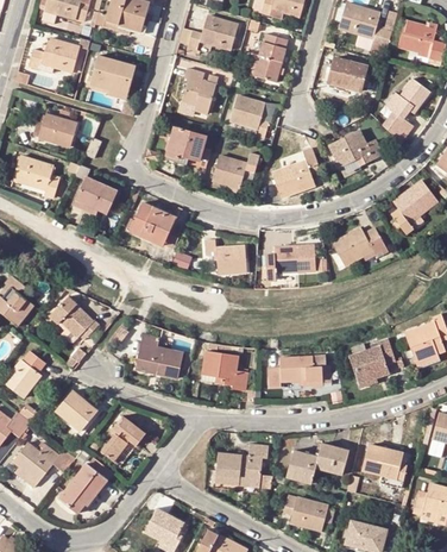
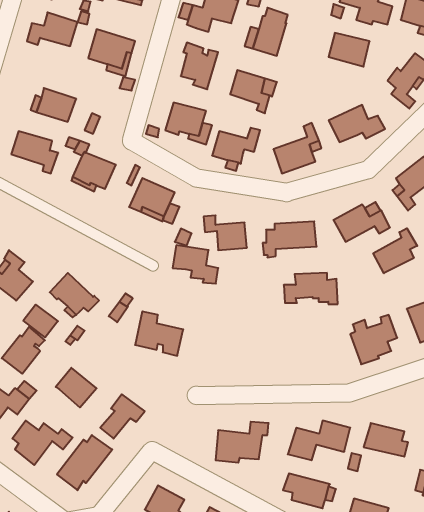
building: none -> [373,228,417,273]
building: none -> [23,305,58,337]
building: [202,351,247,389] -> [173,245,218,284]
building: [269,356,322,387] -> [284,273,338,304]

